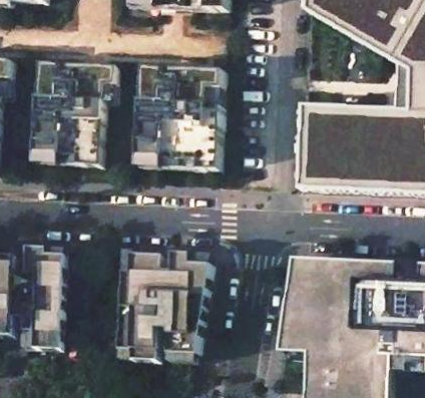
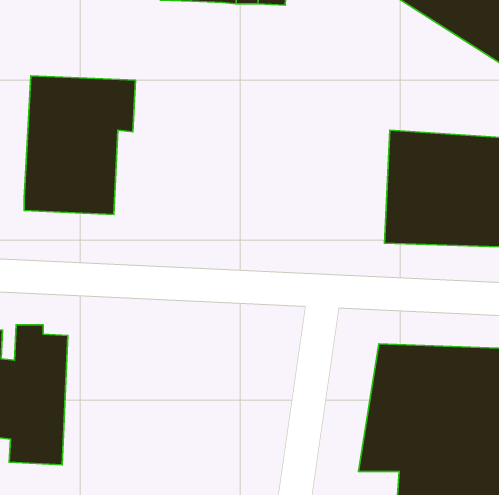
building: [136,67,223,170] -> none
building: [119,252,211,360] -> none

